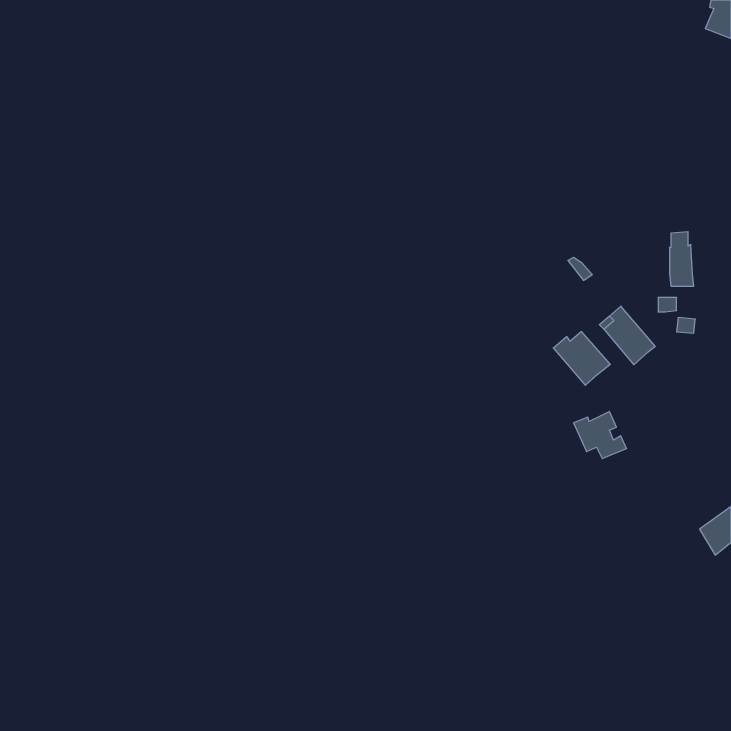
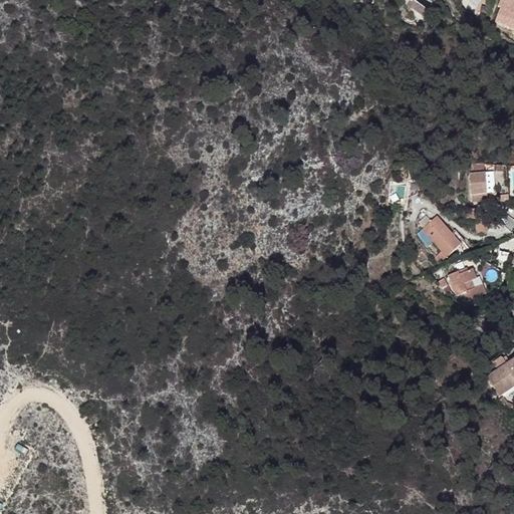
building: [553,332,610,385] -> none
building: [574,411,627,459] -> [448,267,485,300]

